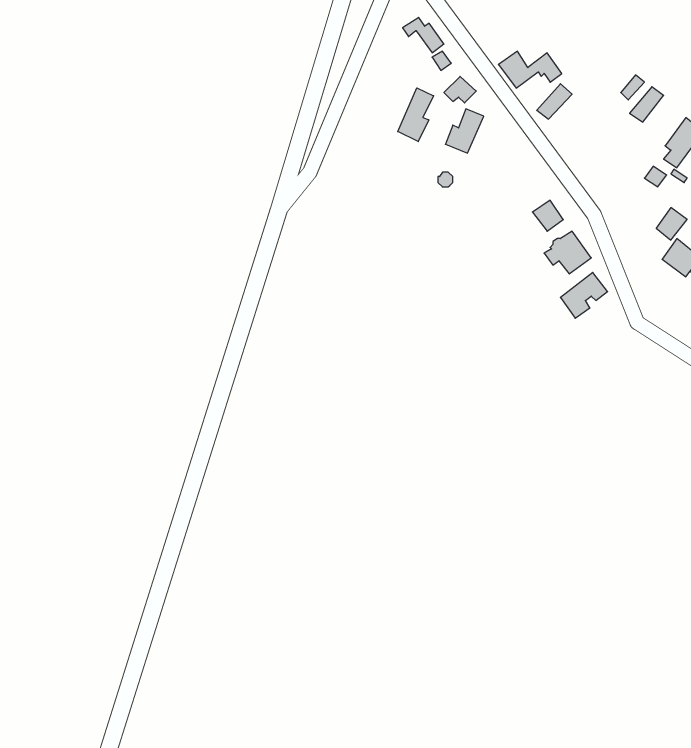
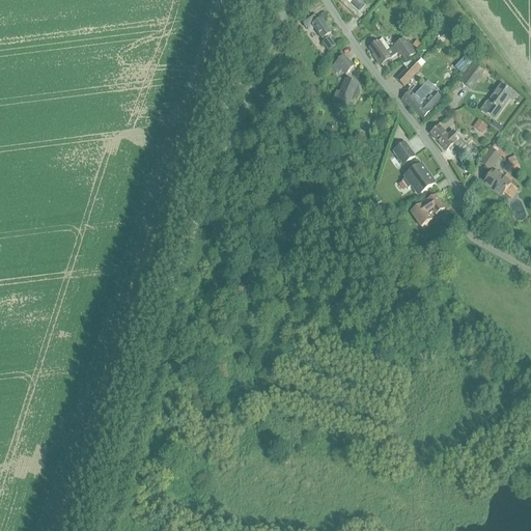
building: [398,88,434,142] -> none
building: none -> [400,81,440,115]
building: none -> [429,123,469,156]

